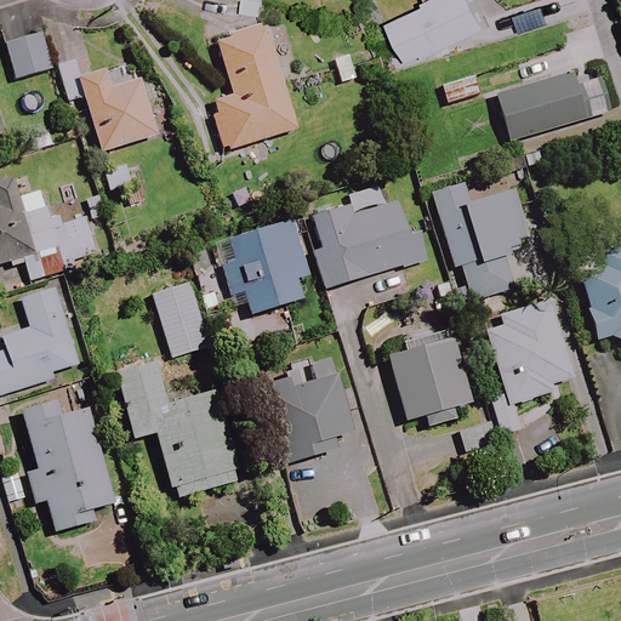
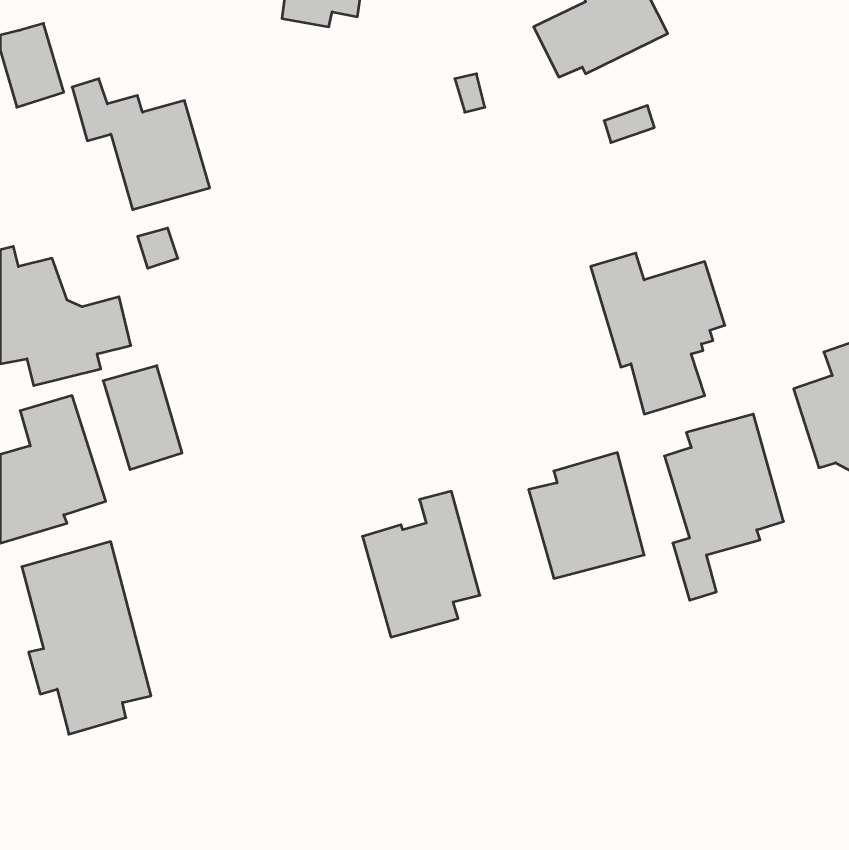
building: [211,22,298,150] -> none
building: [495,70,608,141] -> none
building: [312,188,425,286] -> none
building: [217,220,310,314] -> none
building: [153,283,210,358] -> [103,366,182,470]
building: [118,361,235,496] -> none

